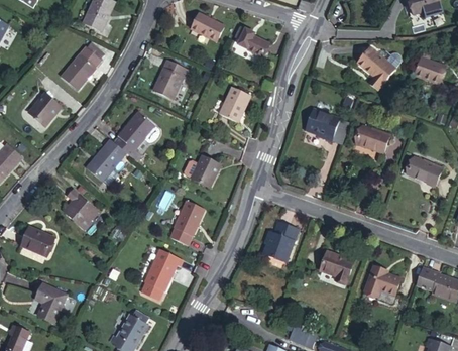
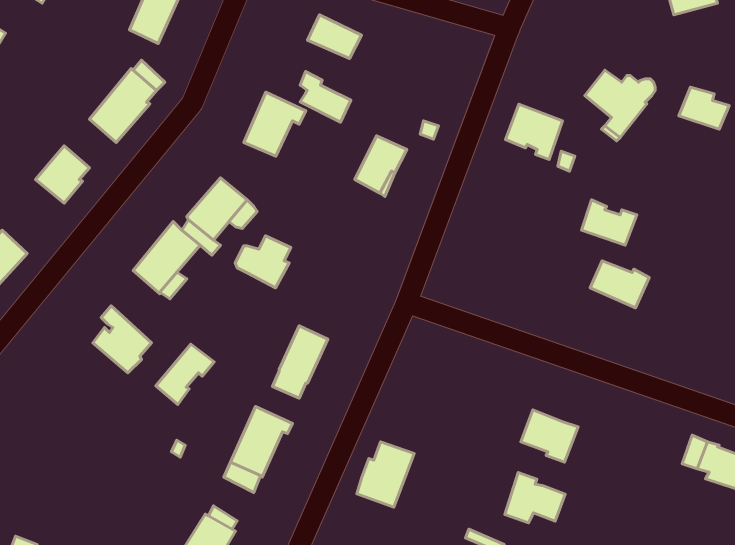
building: [238,26,268,56] -> [300,72,351,122]
building: [305,108,339,141] -> [505,104,562,160]
building: [185,155,218,187] -> [235,236,291,288]
building: [407,157,442,186] -> [590,261,649,308]
building: none -> [156,344,214,404]
building: [263,221,298,260] -> [357,442,414,507]
building: [22,227,54,255] -> none
building: [364,265,400,296] -> [505,472,565,523]
building: [37,283,67,323] -> none

